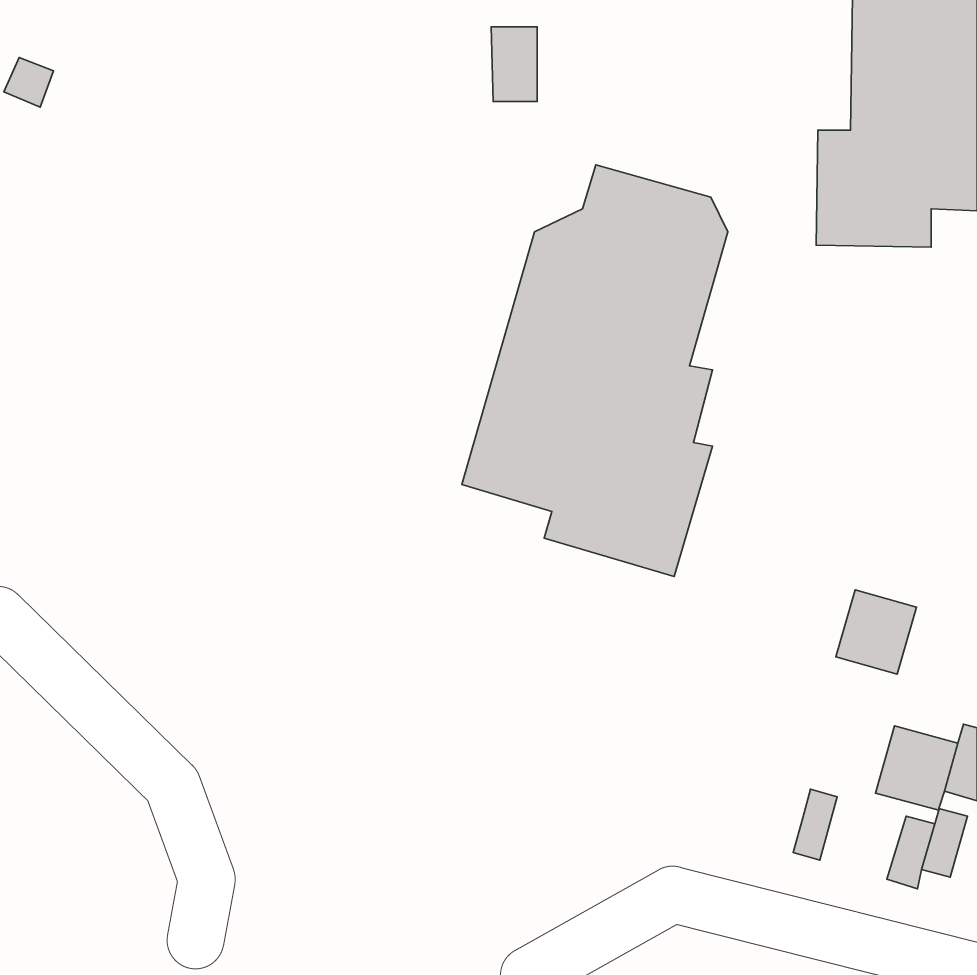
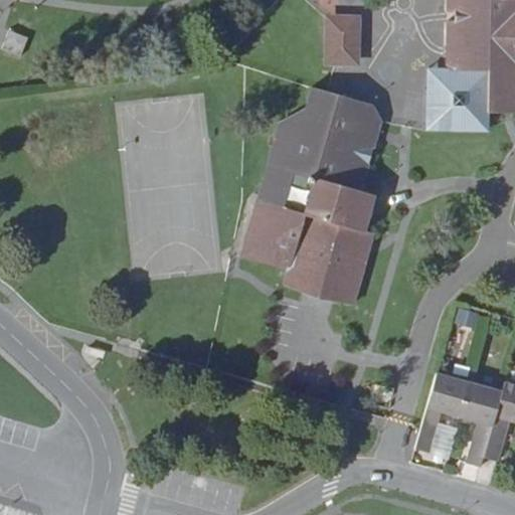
building: [491,27,537,101] -> [331,21,355,60]
building: [836,590,916,674] -> [427,372,470,416]

